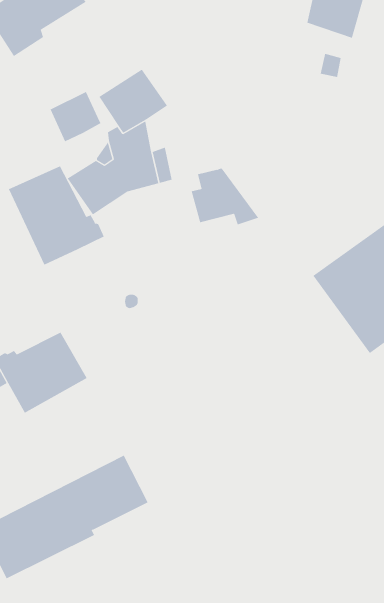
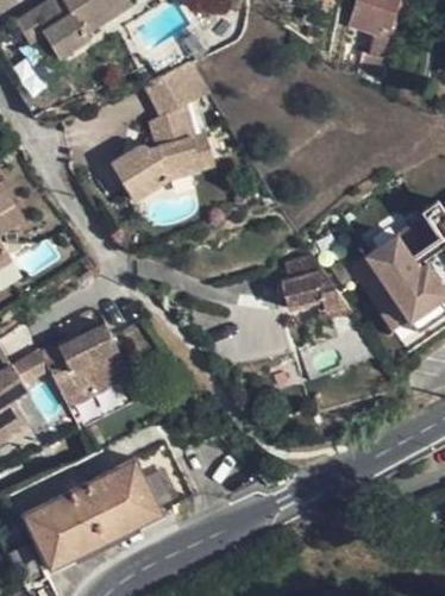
building: [50,91,101,142] -> none
building: [8,165,105,266] -> none
building: [191,168,259,225] -> [280,255,346,310]

